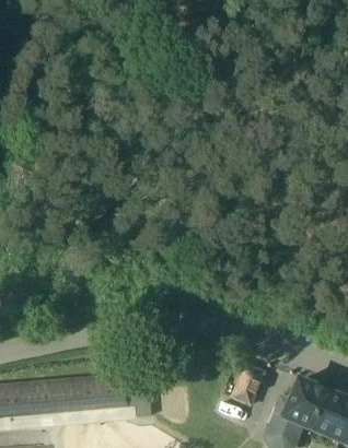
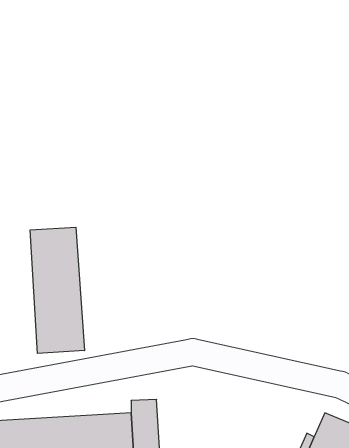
building: none -> [30,227,85,353]
building: [232,363,264,402] -> none

